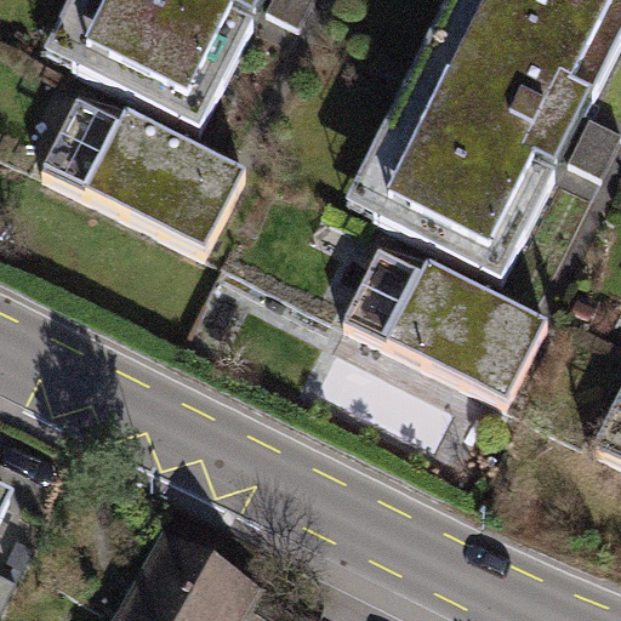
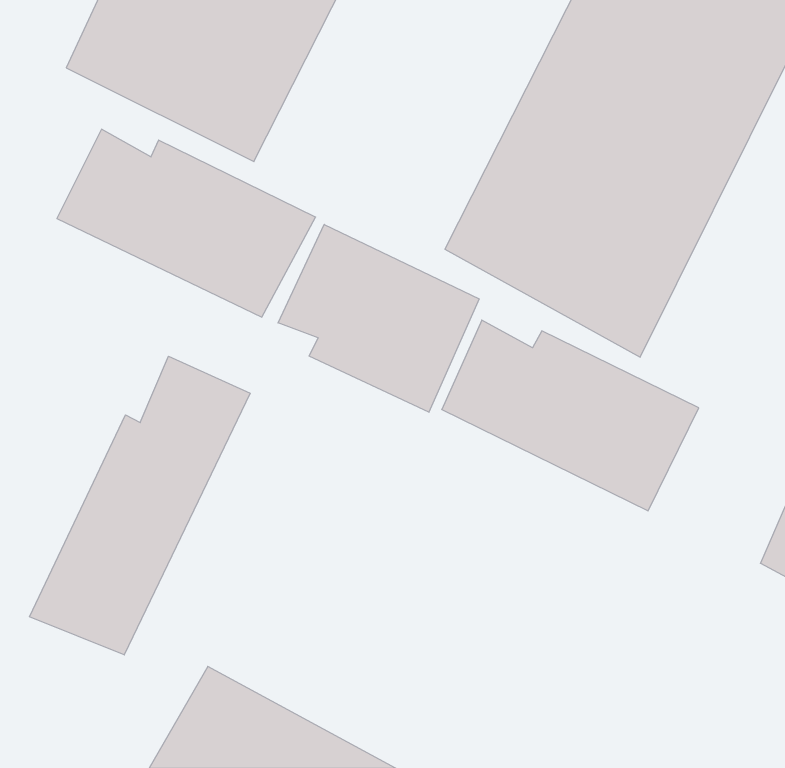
building: none -> [278,224,479,412]
building: none -> [30,356,250,655]

